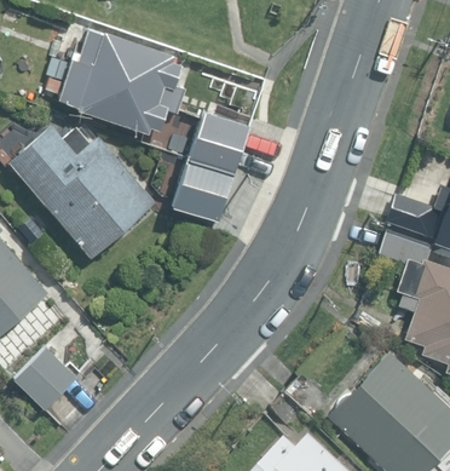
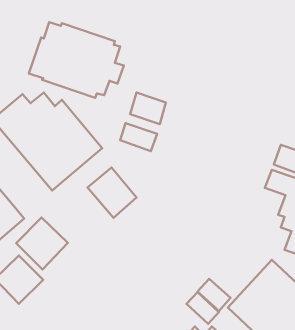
building: none -> [88,167,137,218]
building: none -> [16,218,68,270]

